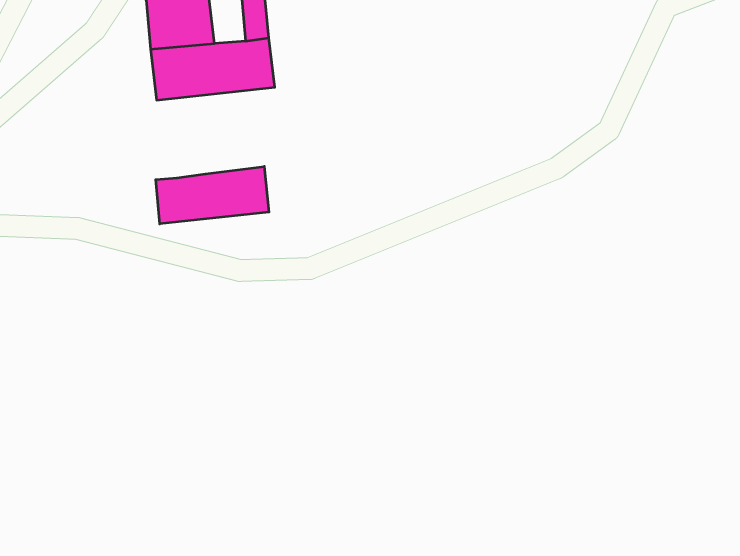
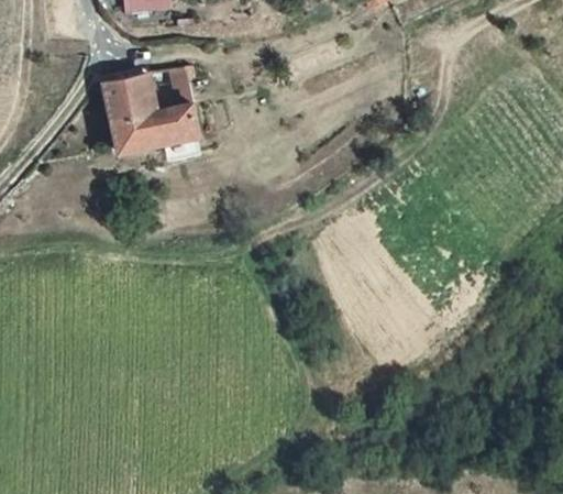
building: [156,166,269,224] -> none

